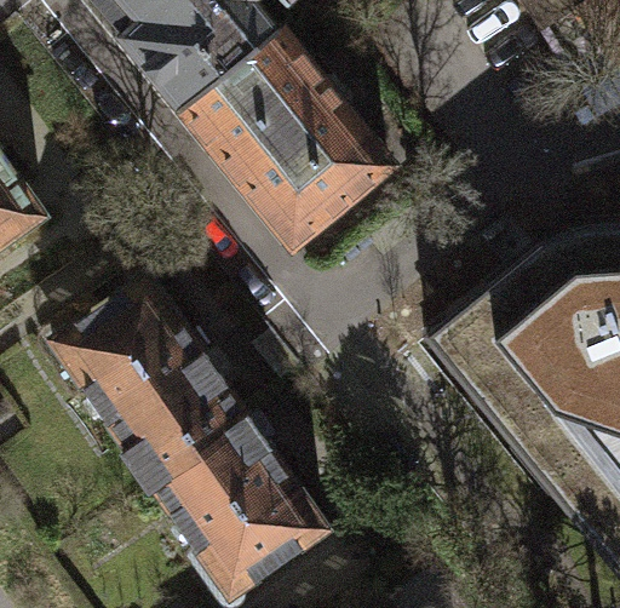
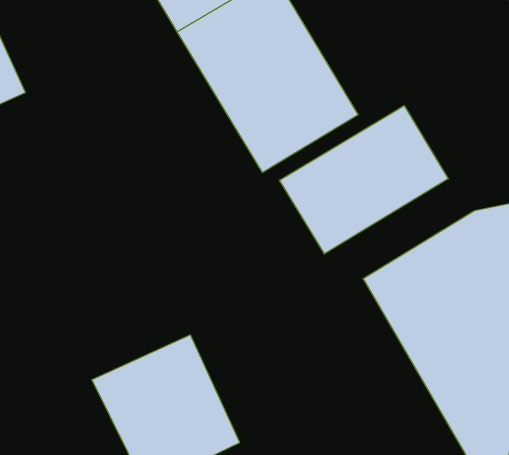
building: none -> [279,106,448,254]
building: [65,280,258,493] -> none

